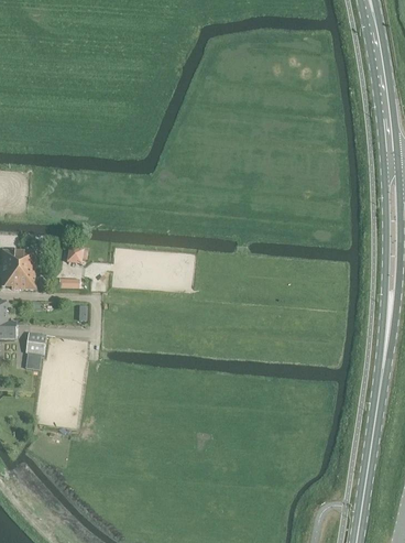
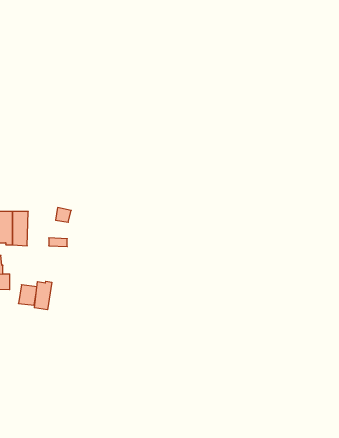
building: none -> [34,281,52,310]

